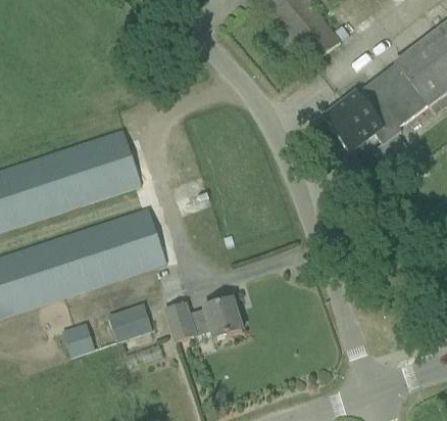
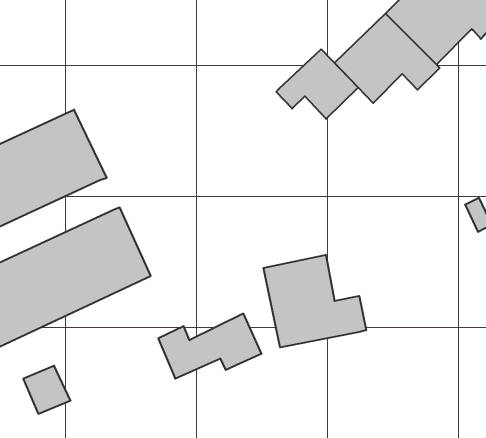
building: none -> [276,49,358,119]
building: none -> [264,255,366,347]
building: [109,305,154,343] -> none

